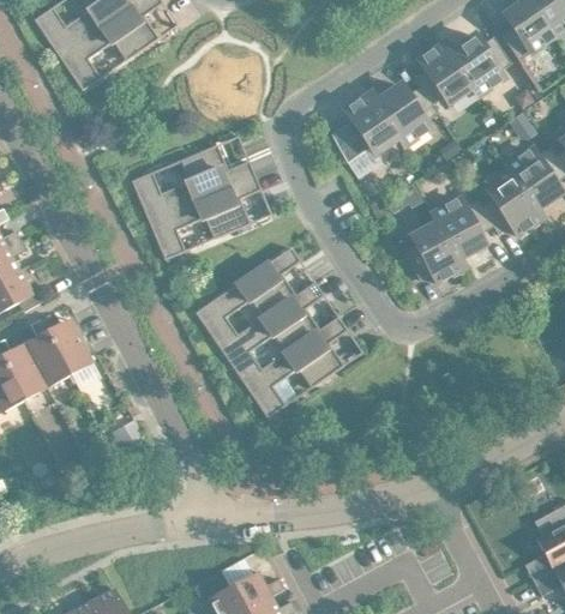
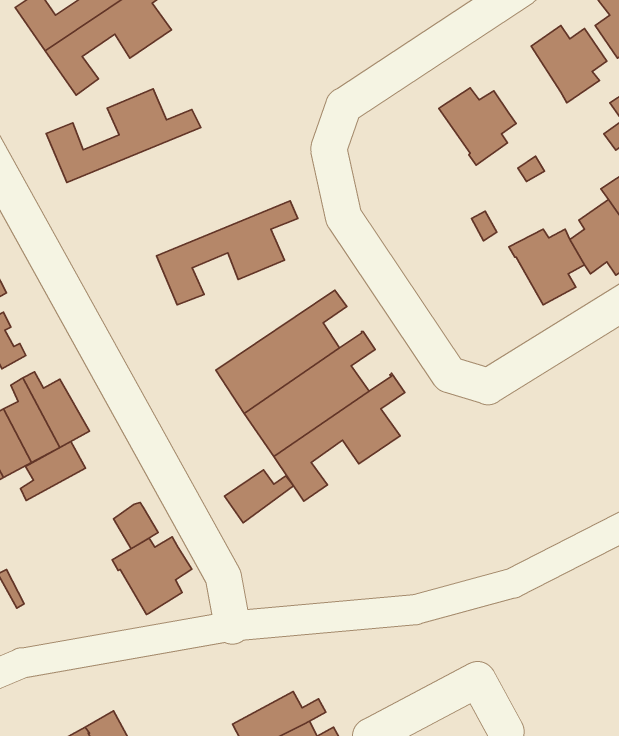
building: [414,42,474,104] -> none
building: [341,91,401,155] -> none
building: [131,144,256,219] -> [46,89,201,182]
building: [403,221,464,283] -> none
building: none -> [20,442,86,501]
building: none -> [224,470,294,523]
building: none -> [112,537,192,614]

